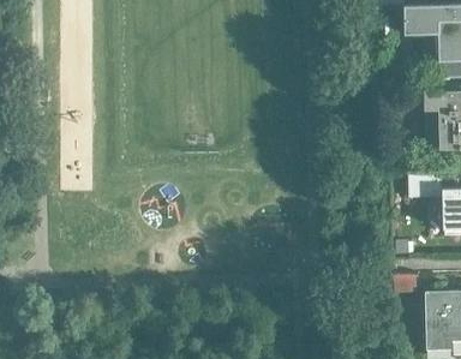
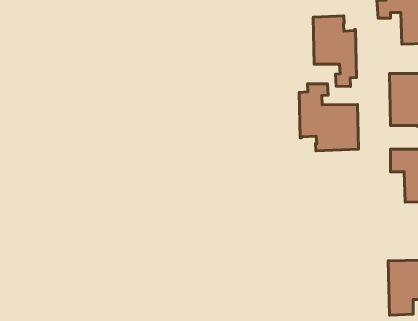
building: none -> [313,16,357,87]
building: none -> [299,84,358,151]

